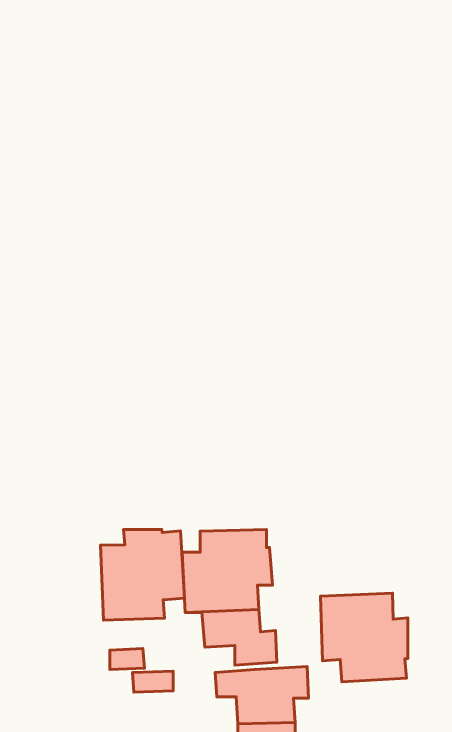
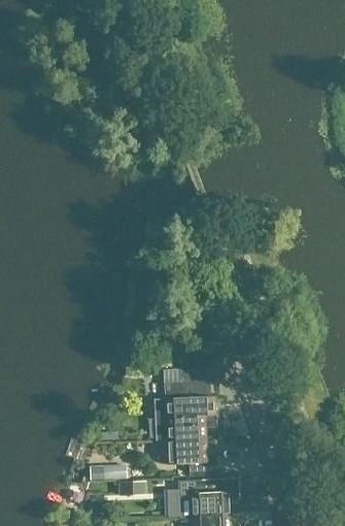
building: [100,529,184,620] -> none
building: [321,593,408,682] -> none

